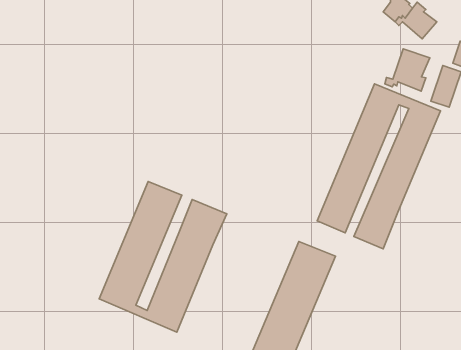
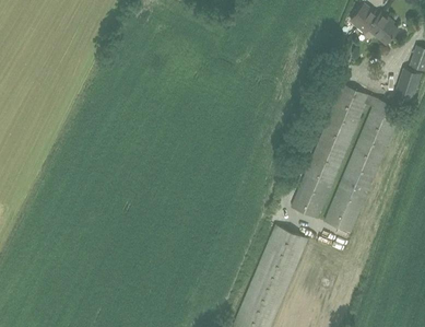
building: [385,49,430,91] -> none
building: [99,181,227,332] -> none

